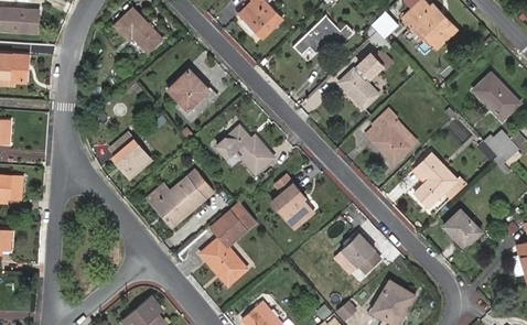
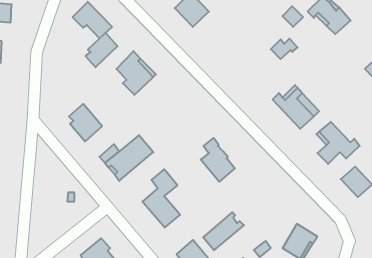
building: [294,15,352,53] -> none
building: none -> [86,33,118,67]
building: [338,69,377,108] -> none
building: [215,124,275,174] -> none
building: [226,201,256,232] -> none
building: [341,234,381,274] -> none
building: none -> [203,212,244,250]

